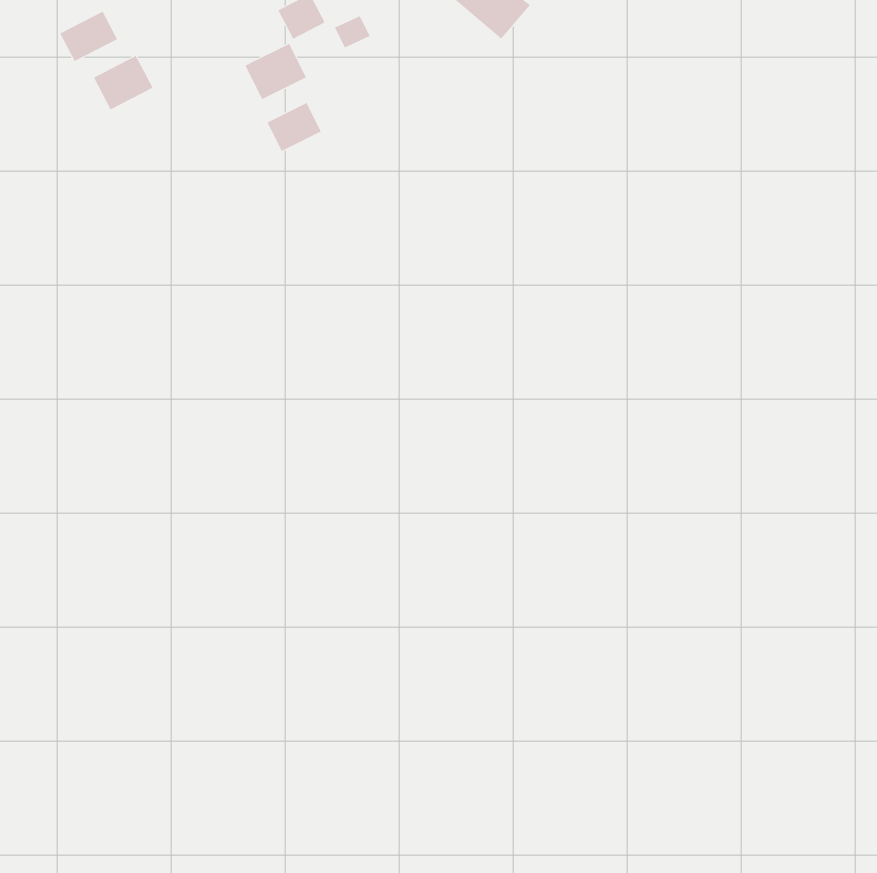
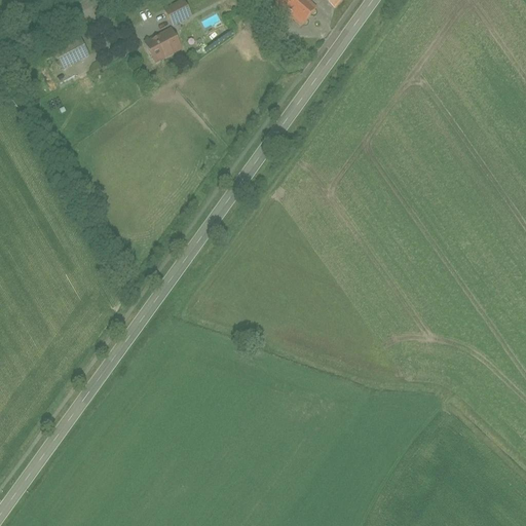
building: [60,11,118,62] -> none
building: [267,102,322,152] -> none

